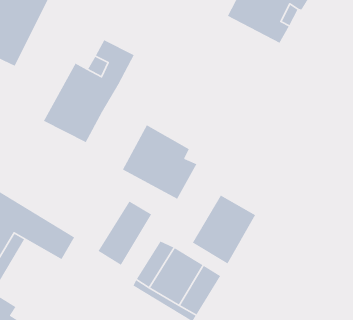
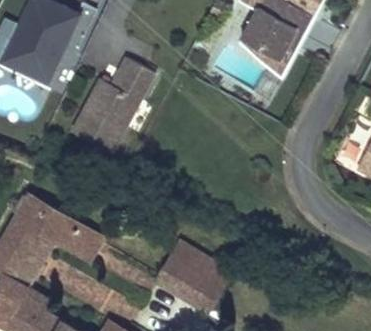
building: [122,124,198,200] -> none
building: [192,195,256,264] -> none
building: [98,201,152,266] -> none

